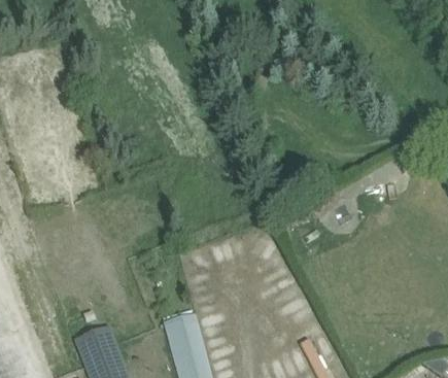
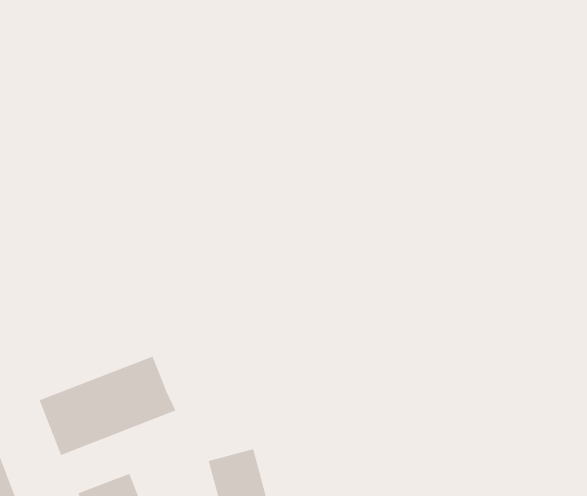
building: none -> [39,356,176,456]

